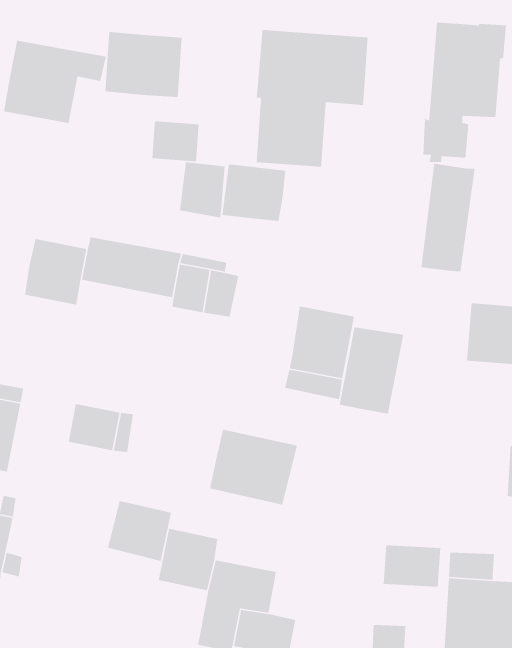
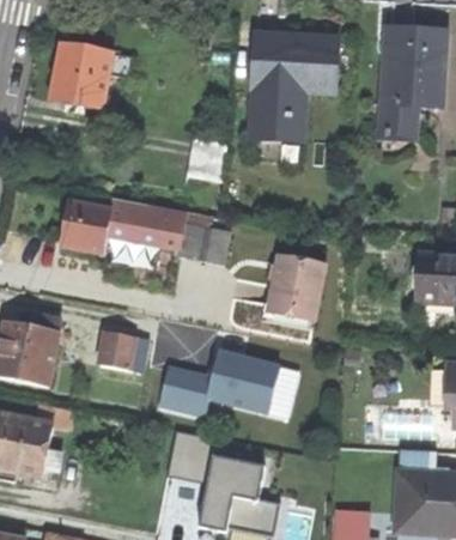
building: [104,31,183,98] -> none
building: [151,120,200,162] -> none
building: [420,163,476,272] -> none
building: [221,164,286,222] -> none
building: [339,326,404,414] -> none
building: [107,500,172,562] -> [163,368,214,417]
building: [383,545,441,588] -> none

